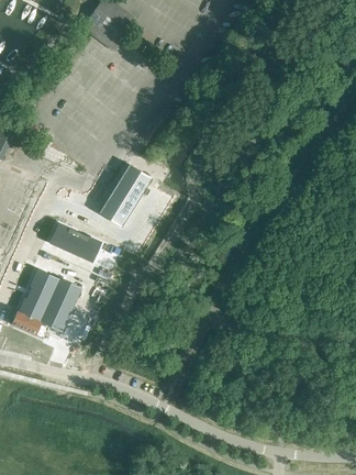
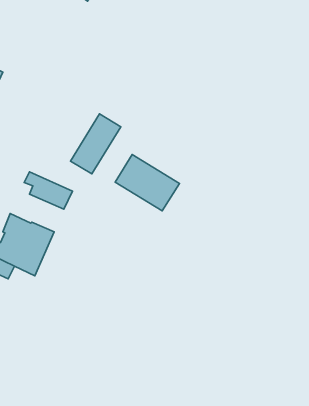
building: none -> [115,155,179,211]

